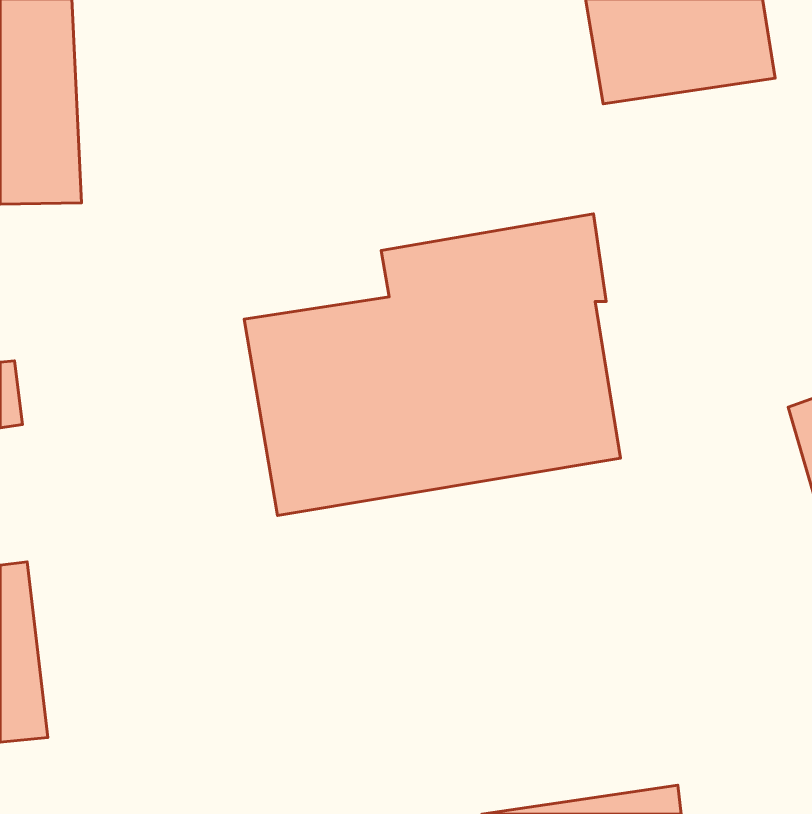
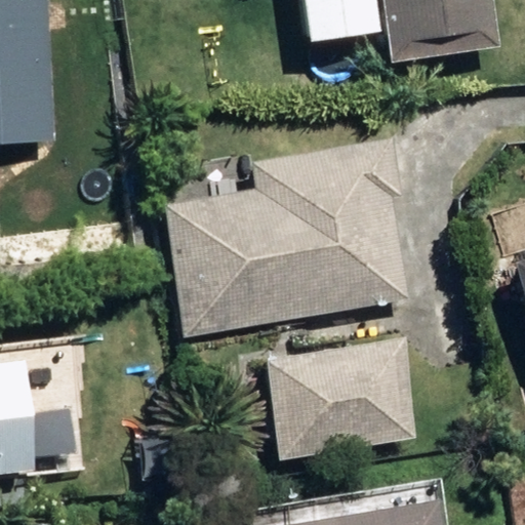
building: none -> [262,338,416,463]

